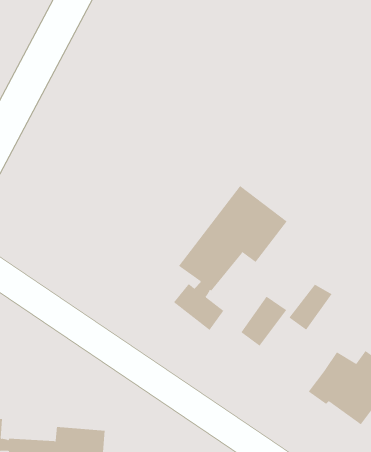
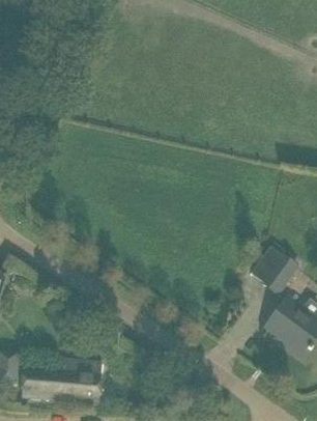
building: [173,185,287,331] -> none
building: [240,296,287,346] -> [261,252,298,292]

